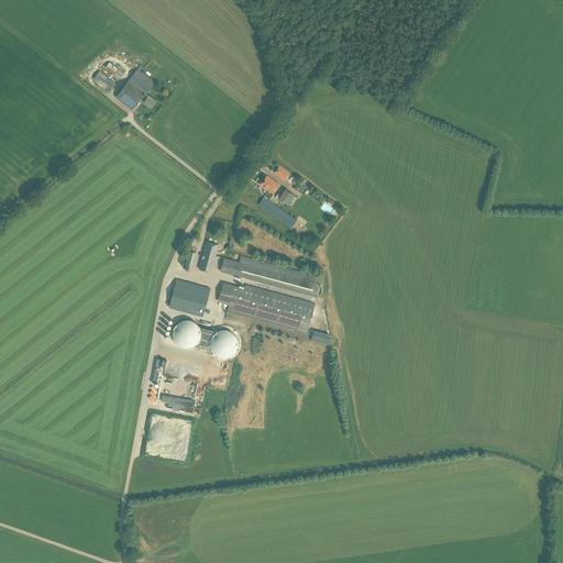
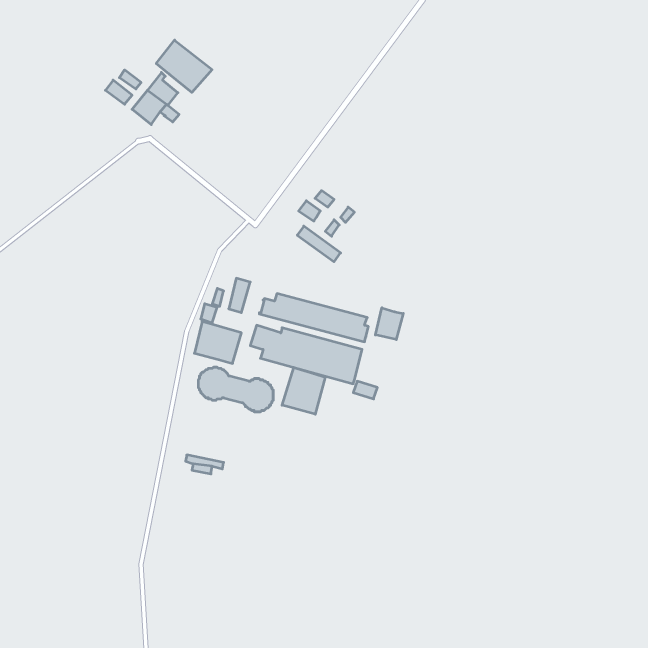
building: none -> [156,40,212,92]
building: none -> [375,308,403,340]
building: none -> [282,367,325,414]

